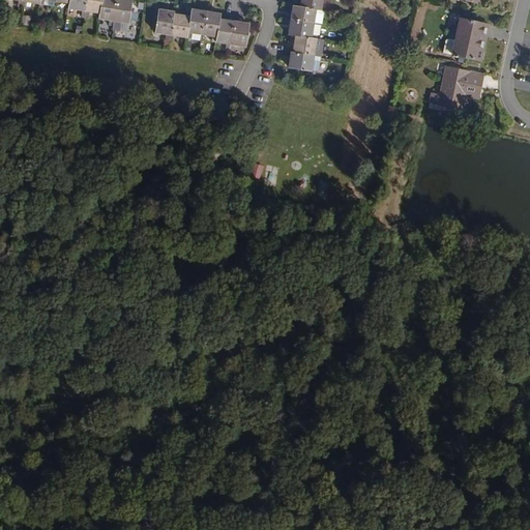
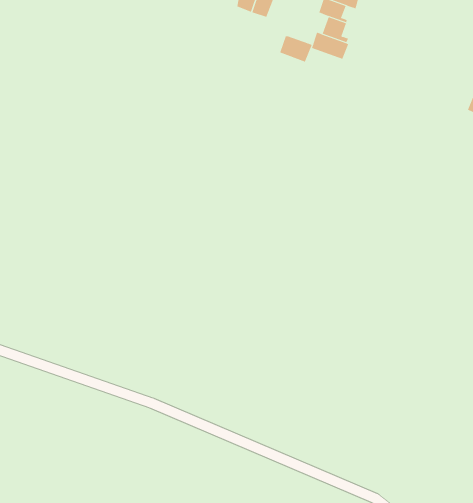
building: none -> [280,35,313,63]

